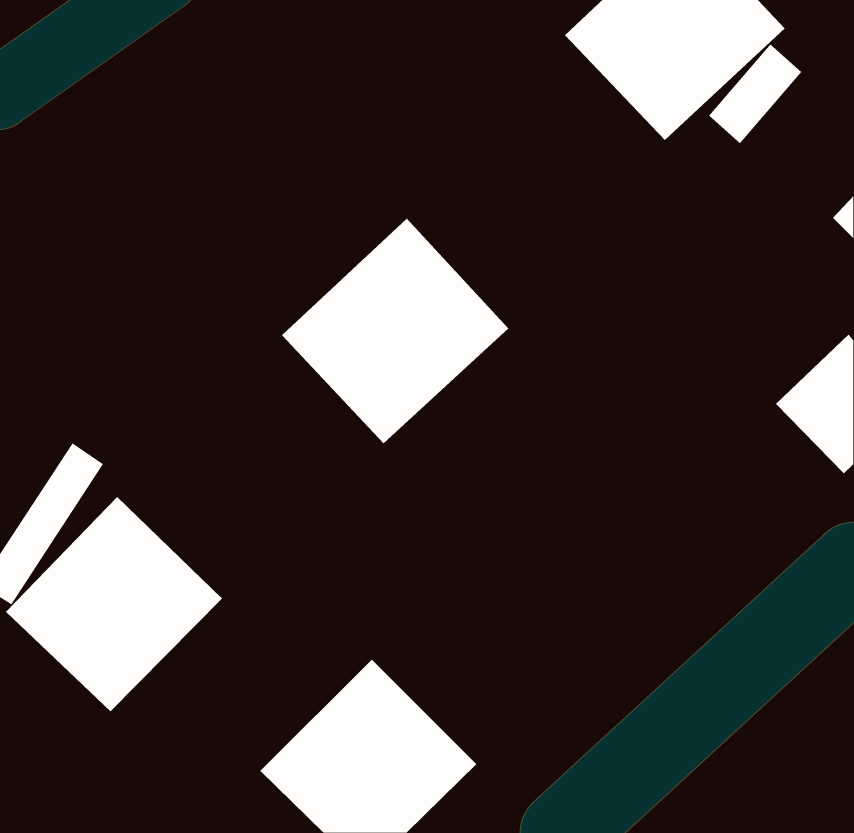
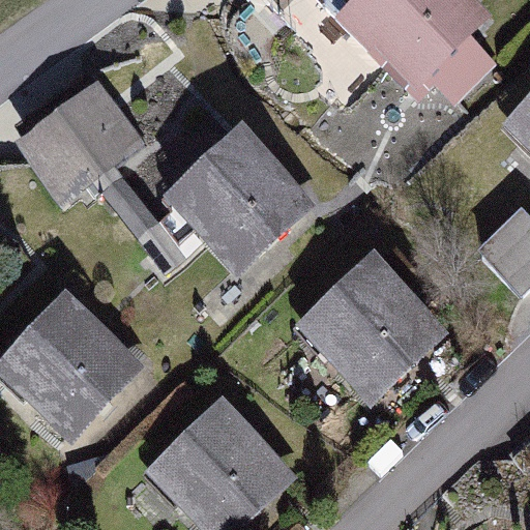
building: none -> [12,88,129,200]
building: none -> [303,258,448,402]

